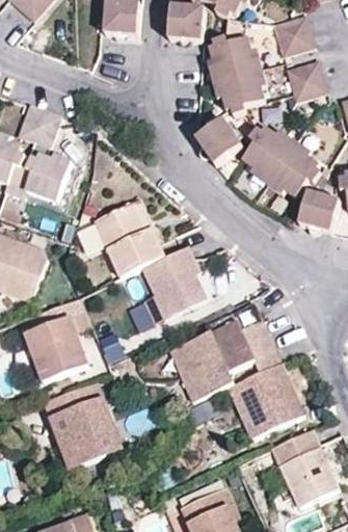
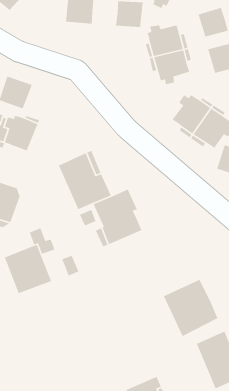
building: [195,117,241,165] -> none
building: [169,321,276,402] -> none
building: [43,380,123,472] -> none

